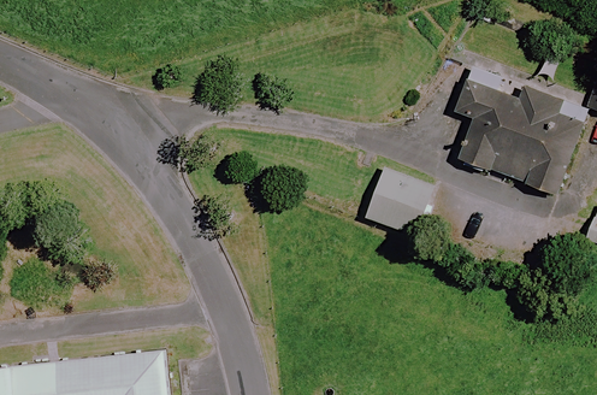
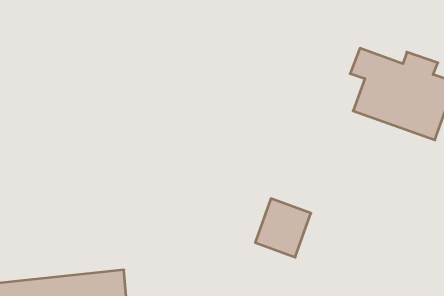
building: [365,163,433,235] -> [255,199,311,257]

